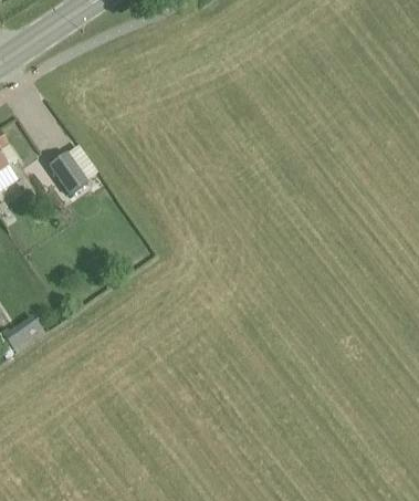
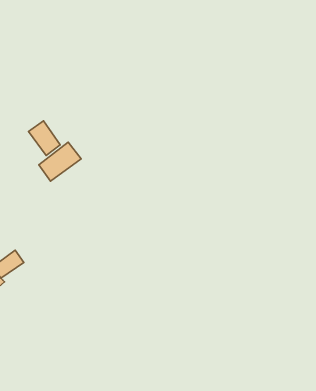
building: none -> [39,142,81,181]

